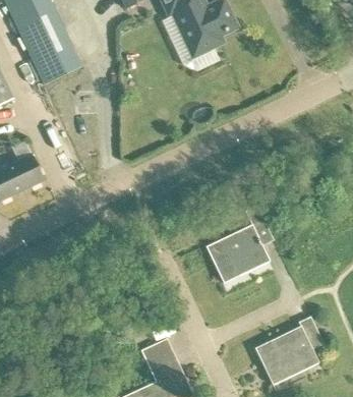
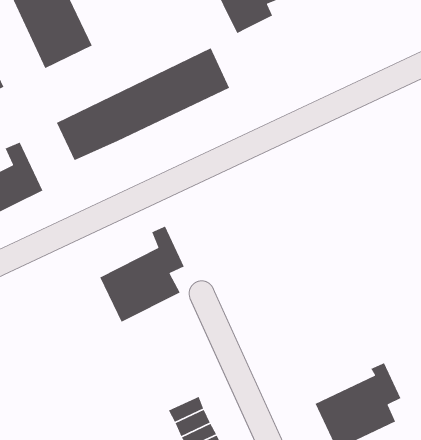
building: none -> [56,47,230,161]
building: [207,206,274,282] -> [99,225,185,323]

